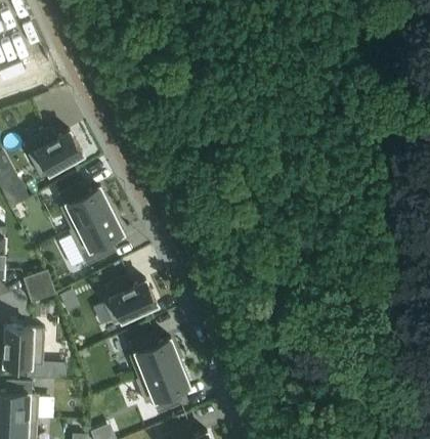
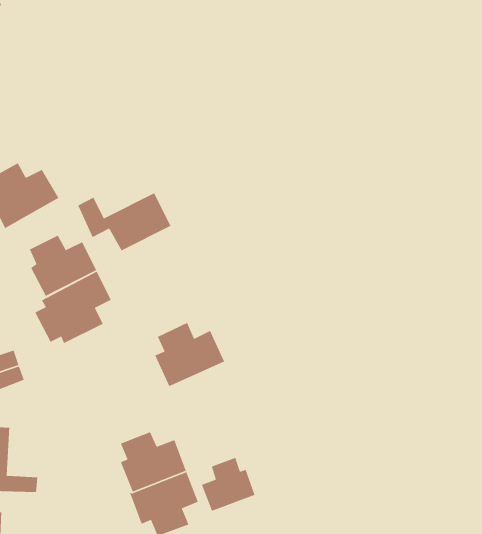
building: none -> [77,192,172,252]
building: [102,276,157,326] -> [154,322,225,387]
building: none -> [201,457,256,512]

